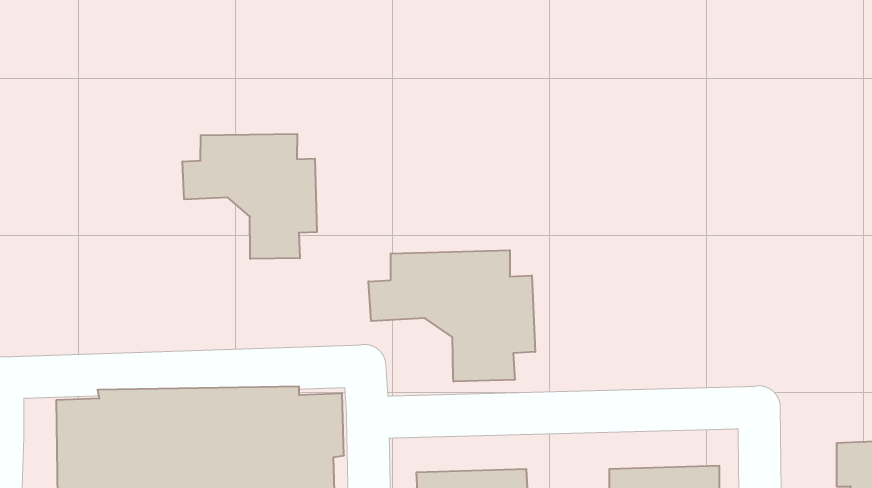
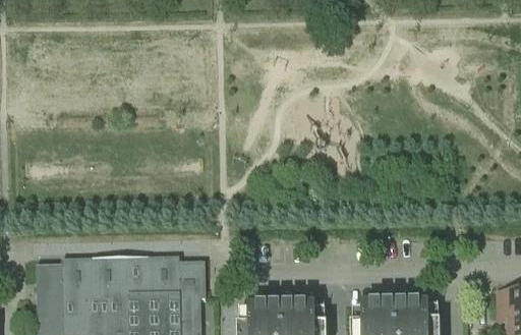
building: [182,134,317,259] -> none
building: [368,250,535,382] -> none

